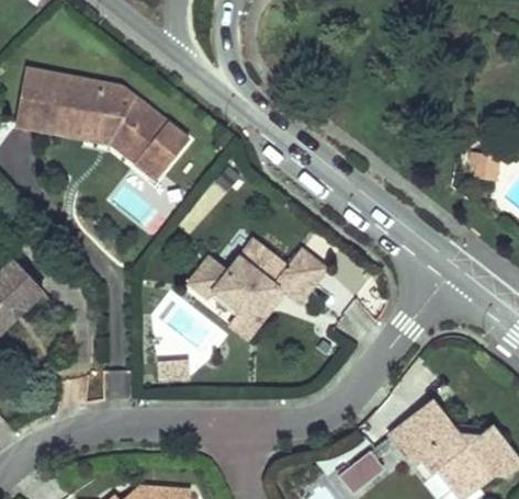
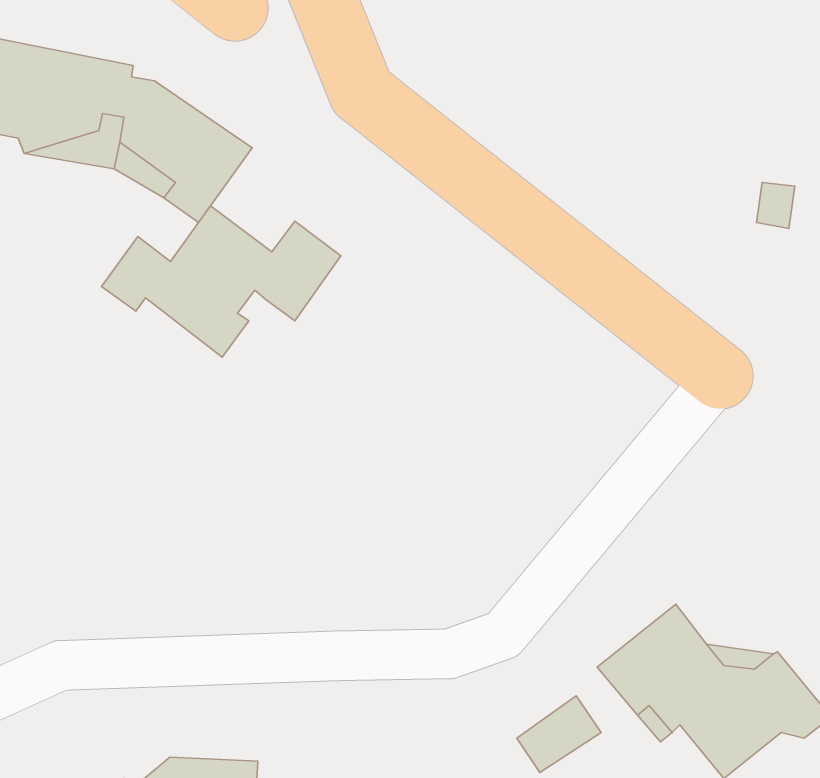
building: [187,242,324,329] -> [101,206,341,357]

